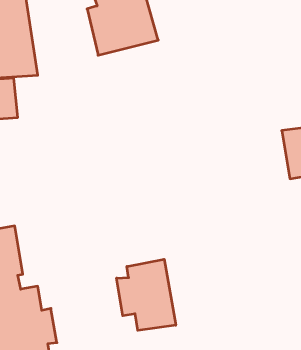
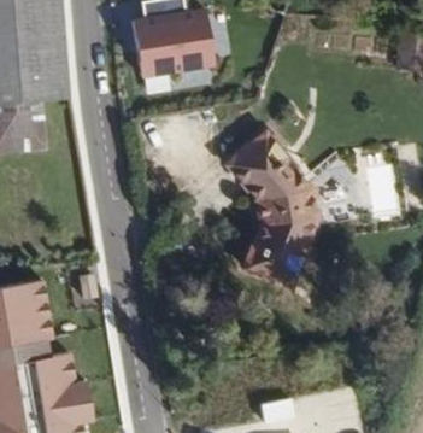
building: none -> [221,123,302,269]
building: [117,259,176,330] -> none

